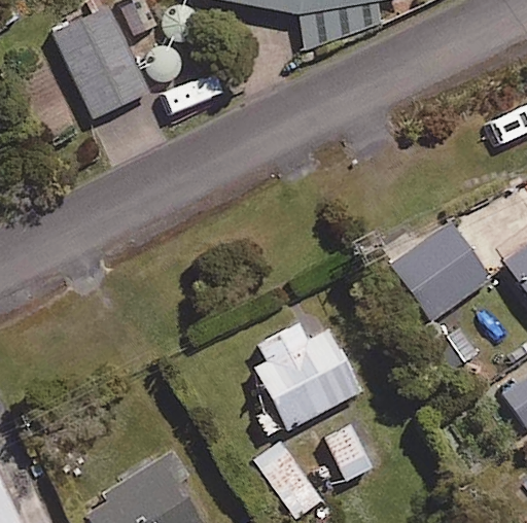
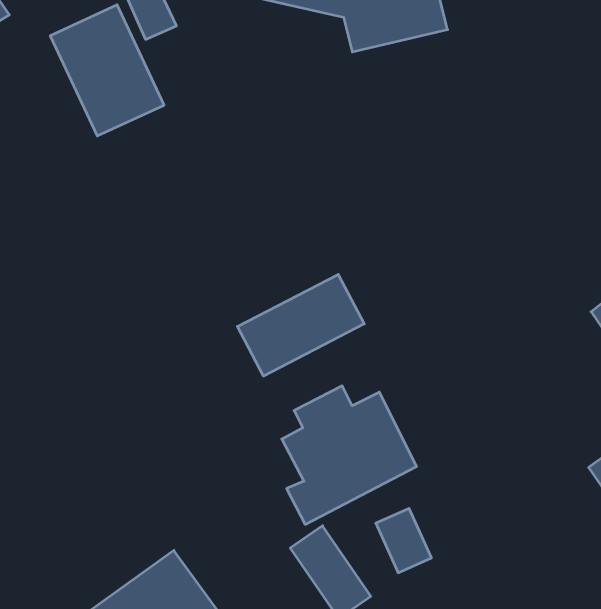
building: [391,222,489,319] -> none
building: none -> [237,274,364,376]

